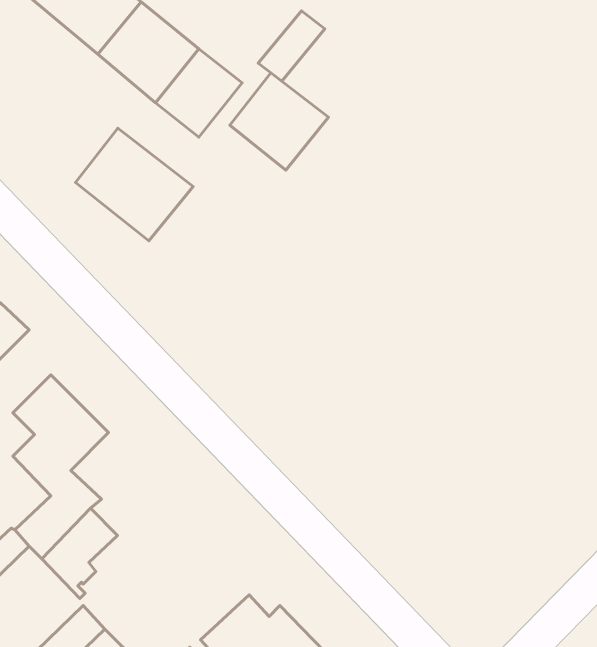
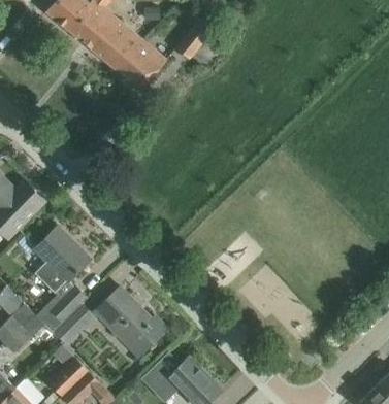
building: [230,73,329,170] -> none
building: [75,128,193,241] -> none
building: none -> [94,285,166,356]

